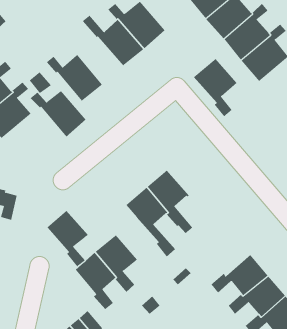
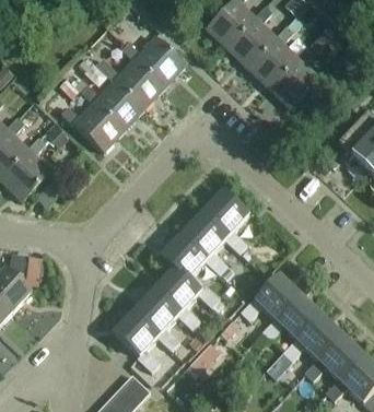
building: [193,58,238,117] -> [201,190,249,252]
building: [30,90,87,138] -> [79,79,142,129]
building: [46,210,88,267] -> [154,268,200,328]
building: none -> [239,274,301,320]

